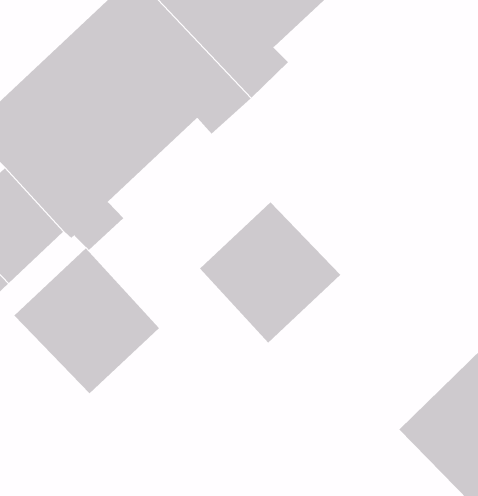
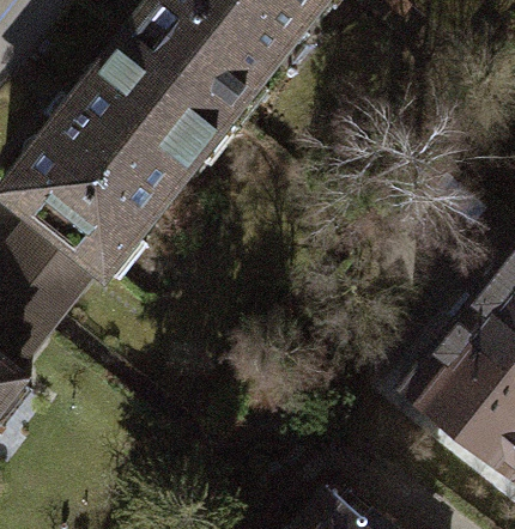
building: [199,202,341,343] -> none
building: [14,248,160,394] -> none

